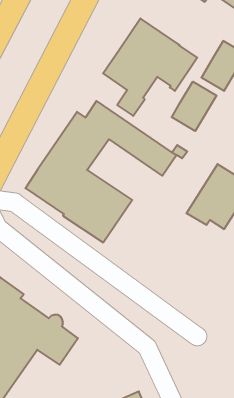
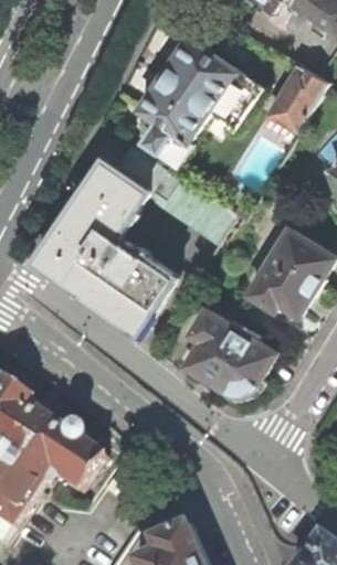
building: [172,82,216,131] -> none
building: none -> [186,309,276,394]

